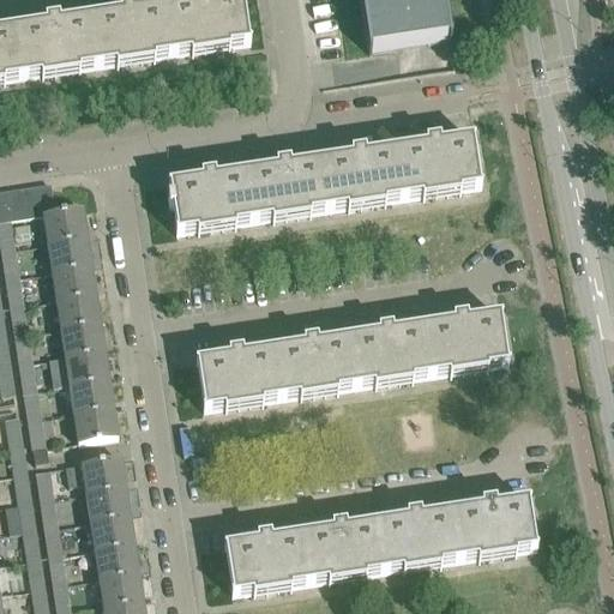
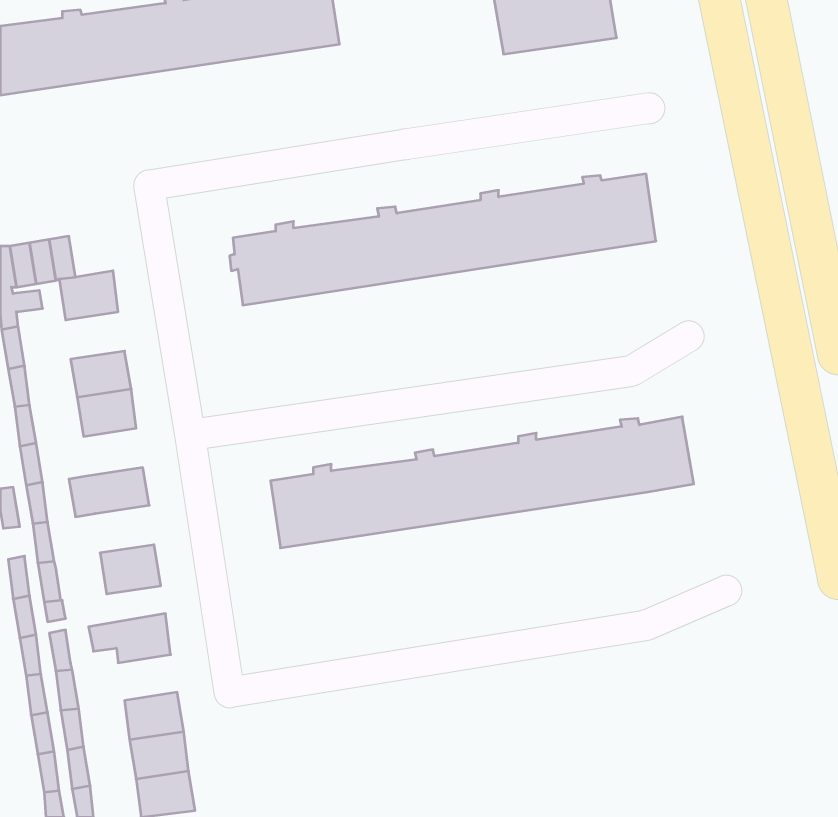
building: [48,228,91,263] -> none
building: [61,313,104,348] -> none
building: [70,369,113,404] -> none
building: [86,478,130,512] -> none
building: [224,490,535,585] -> none

